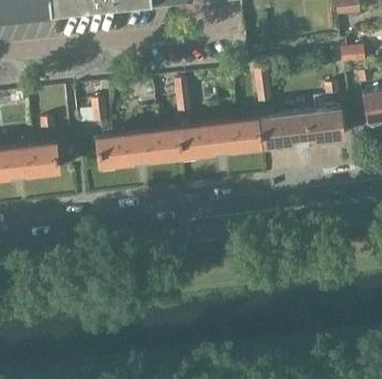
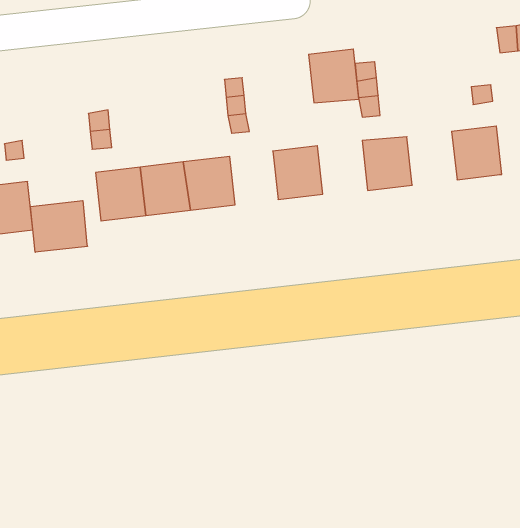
building: [285,112,316,144] -> none
building: [231,117,262,149] -> [309,49,359,103]
building: [178,123,207,156] -> none
building: none -> [31,201,87,252]

